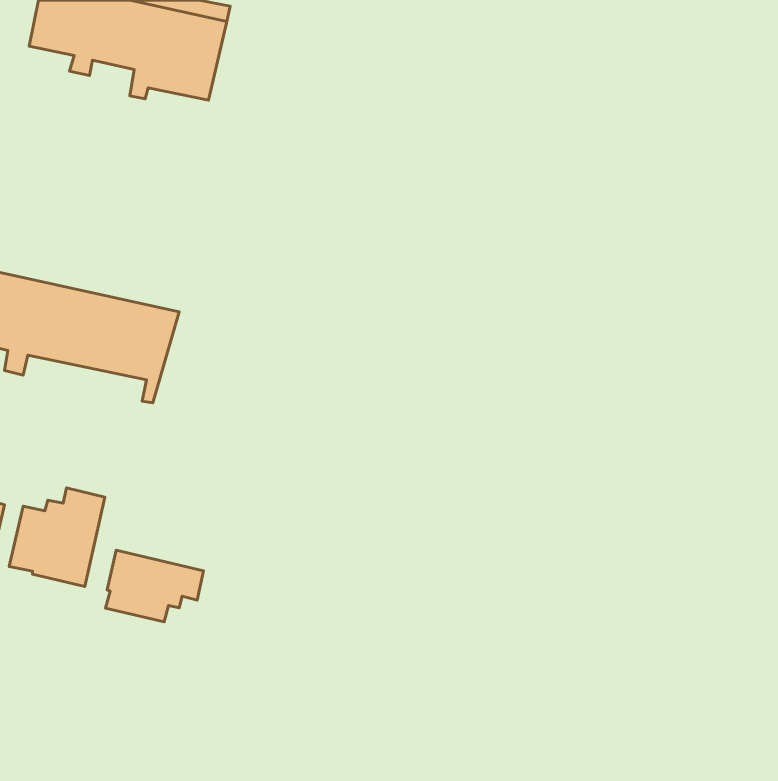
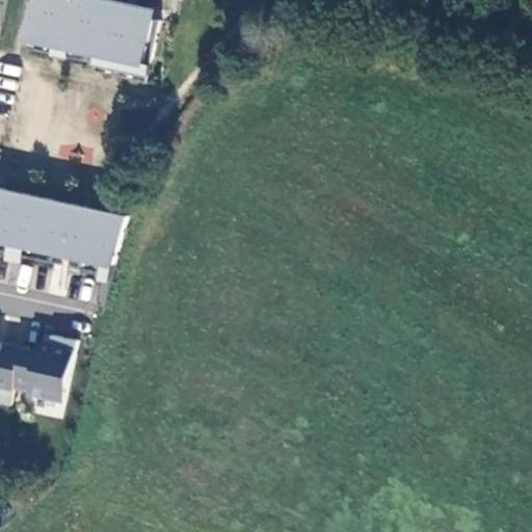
building: [105,550,204,622] -> none

